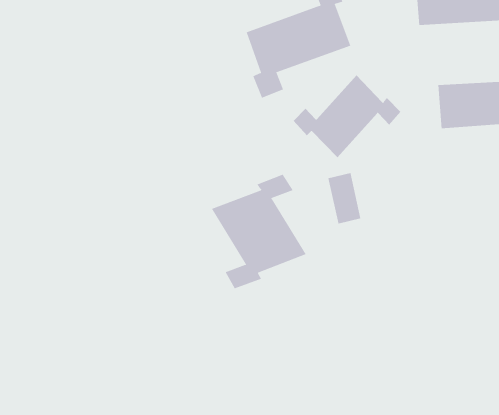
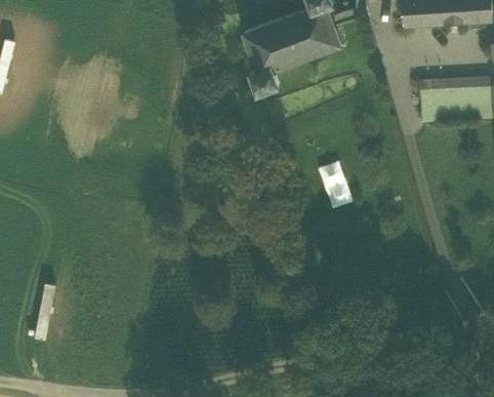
building: [293,75,401,158] -> none
building: [211,174,306,289] -> none

